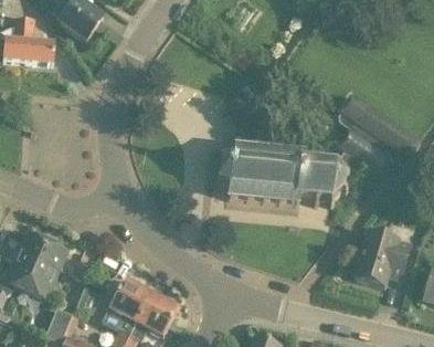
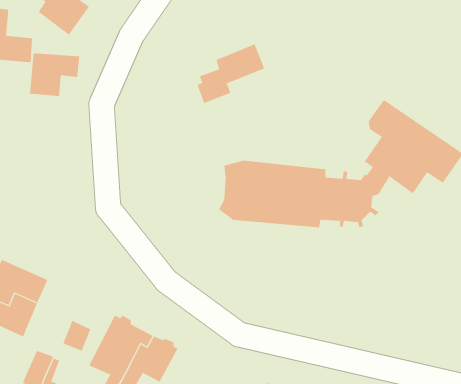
building: none -> [197,43,265,104]
building: none -> [30,52,80,97]
building: [354,231,409,286] -> none

